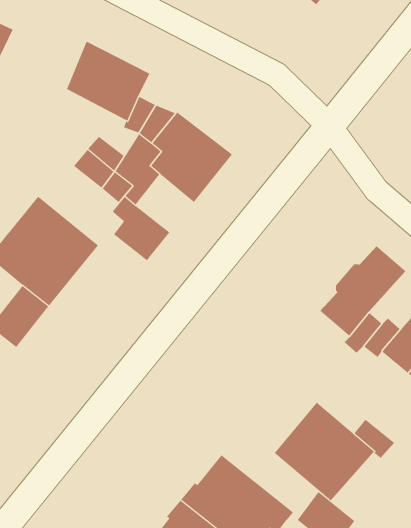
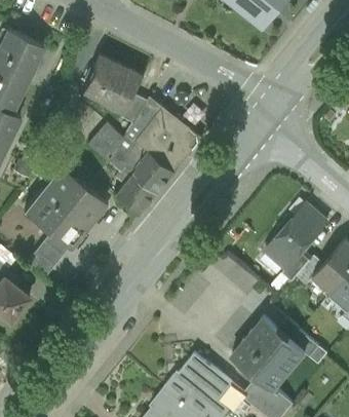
building: none -> [133,152,176,194]

